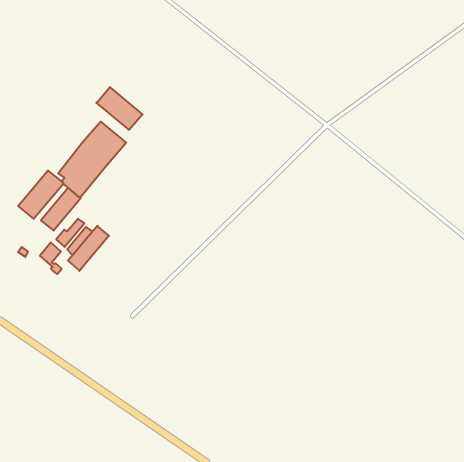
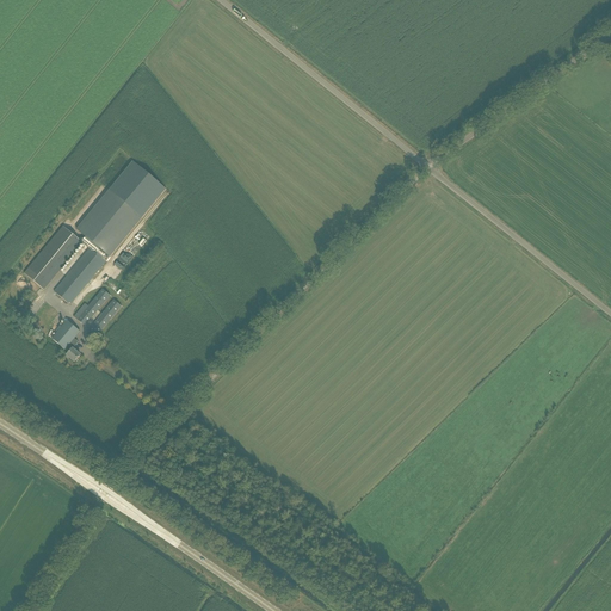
building: [96,87,143,130] -> none
building: [68,226,109,271] -> none

